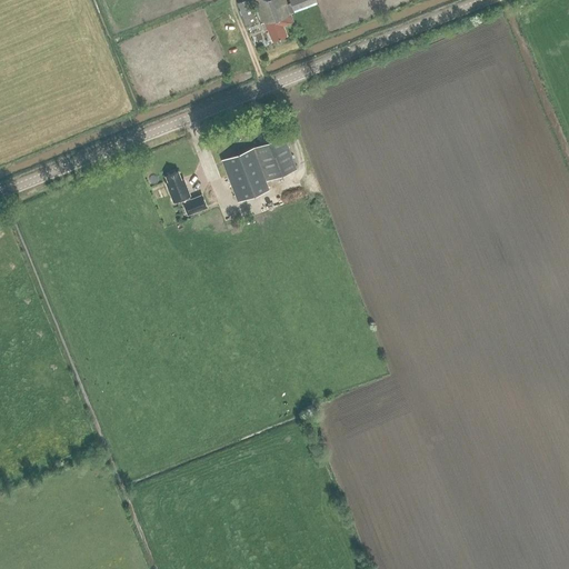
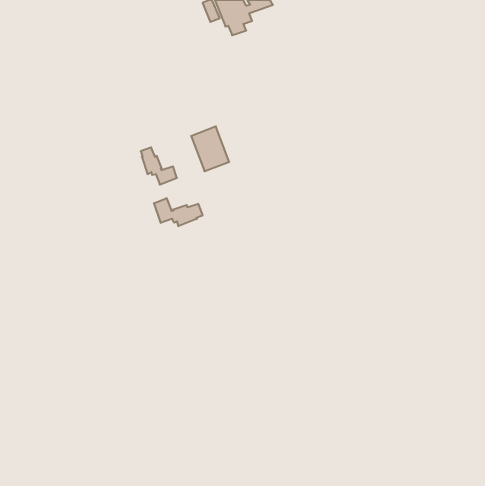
building: [254,136,298,180] -> none
building: none -> [154,198,202,226]

